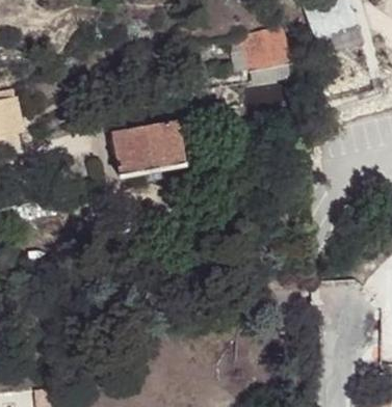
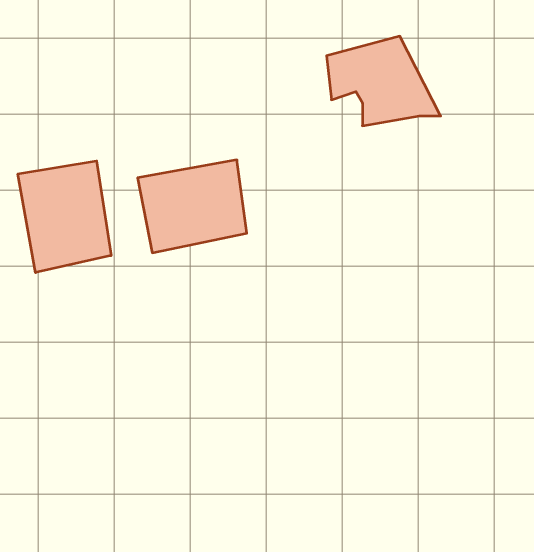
building: none -> [18,161,111,273]

